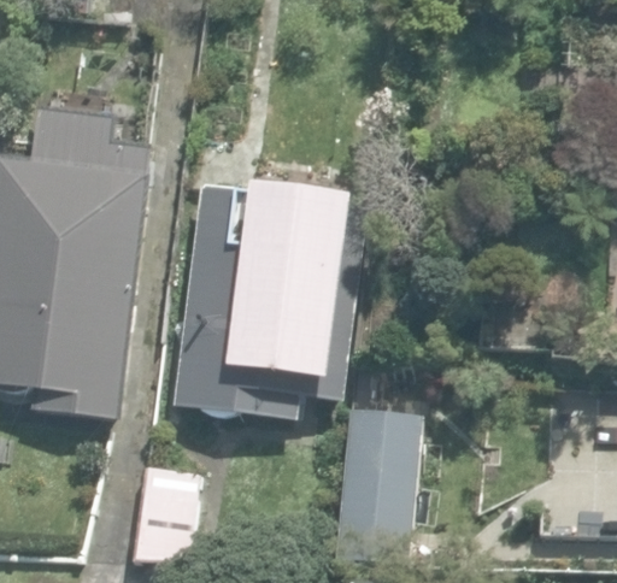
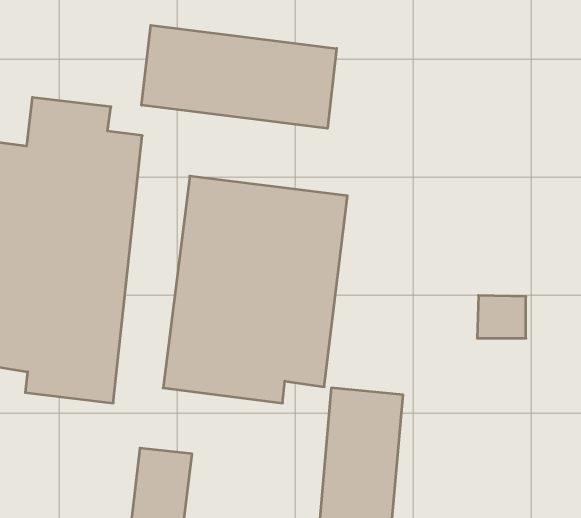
building: none -> [142,25,337,128]

